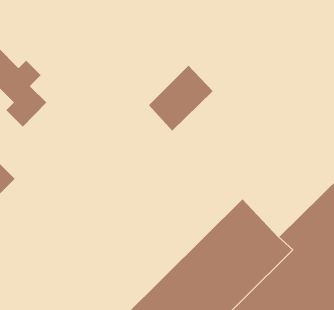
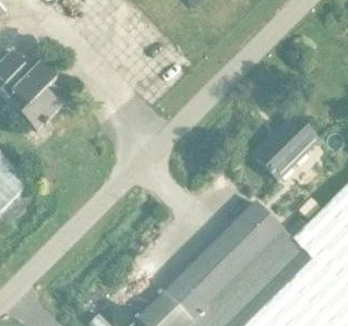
building: [148,65,214,132] -> [252,116,317,182]

